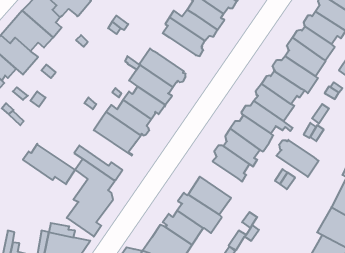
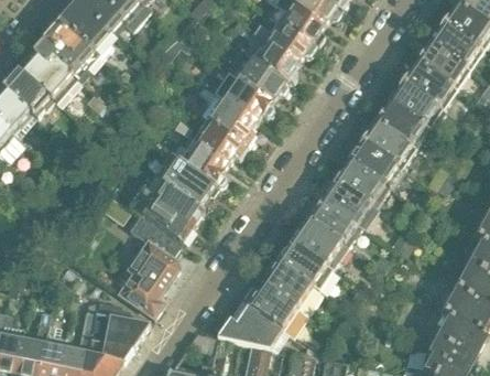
building: none -> [232,56,288,100]
building: [276,140,319,177] -> [293,217,348,266]
building: [23,144,75,184] -> [135,176,204,229]

